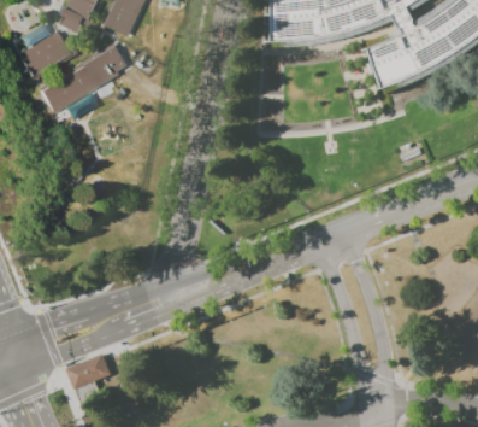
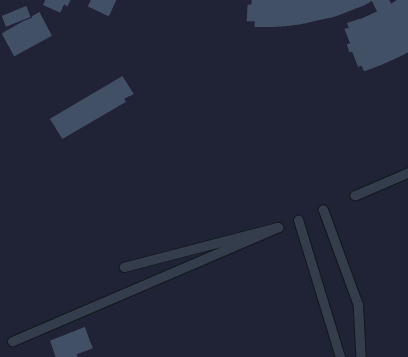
building: [39,46,126,112] -> [49,75,135,140]

